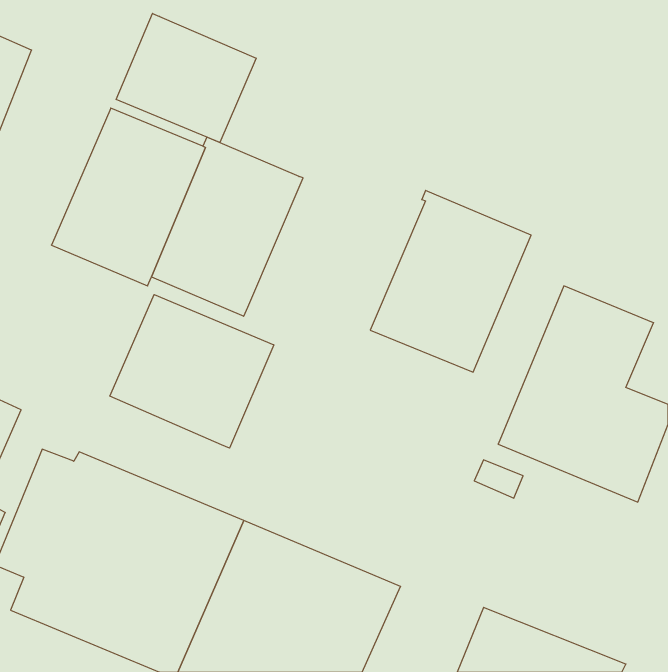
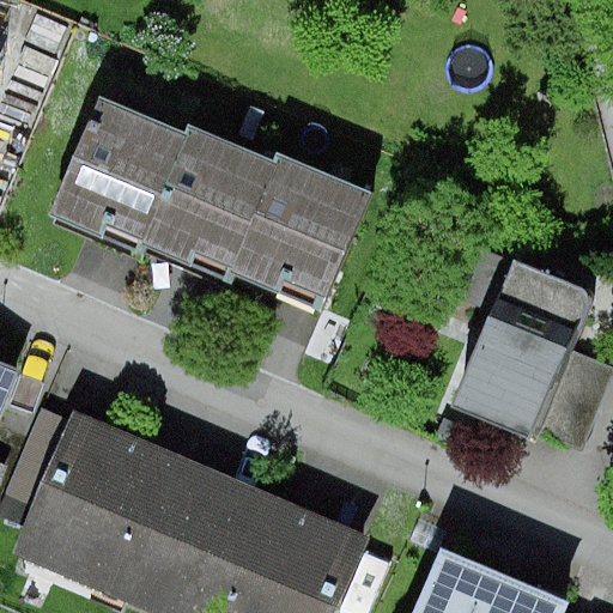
building: [116,13,256,142] -> none
building: [370,190,531,372] -> [225,152,371,317]
building: [110,295,274,448] -> none

